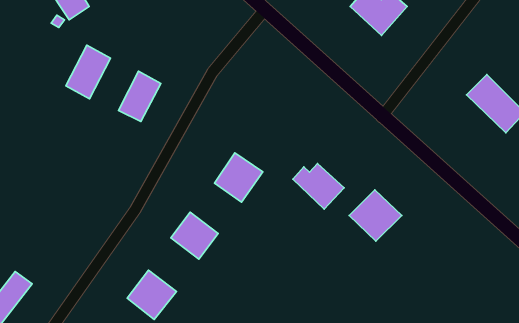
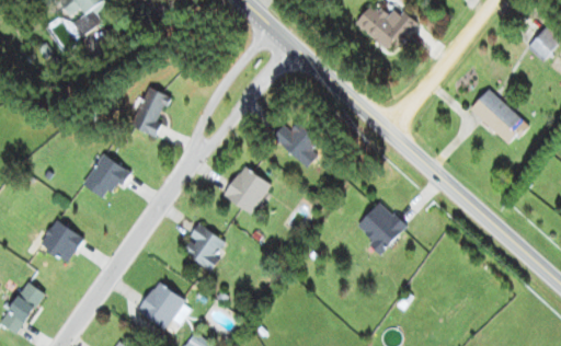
building: [66,45,111,99] -> none
building: none -> [81,154,127,201]
building: [293,163,344,209] -> [273,122,323,166]
building: none -> [38,220,83,264]

